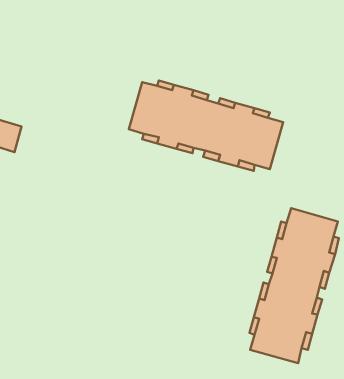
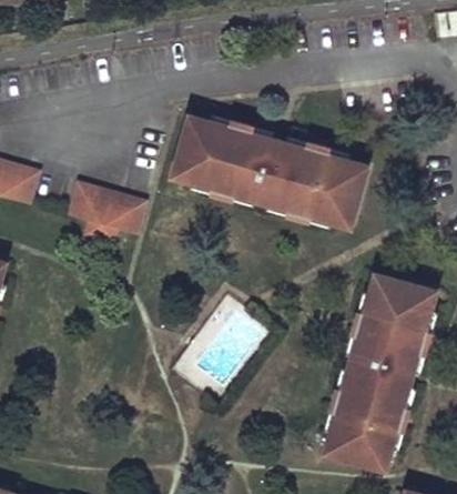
building: none -> [68,183,146,242]

